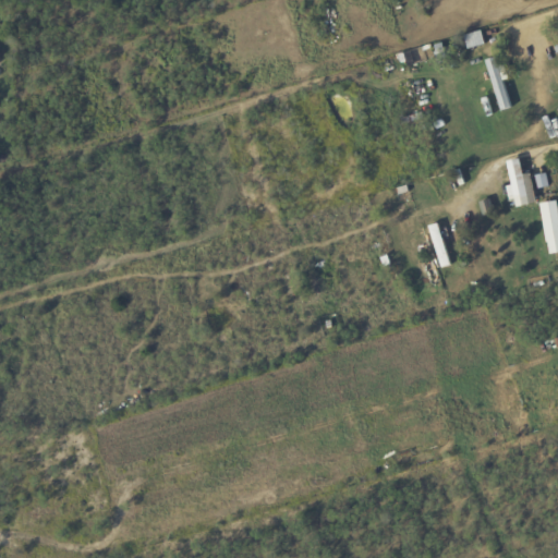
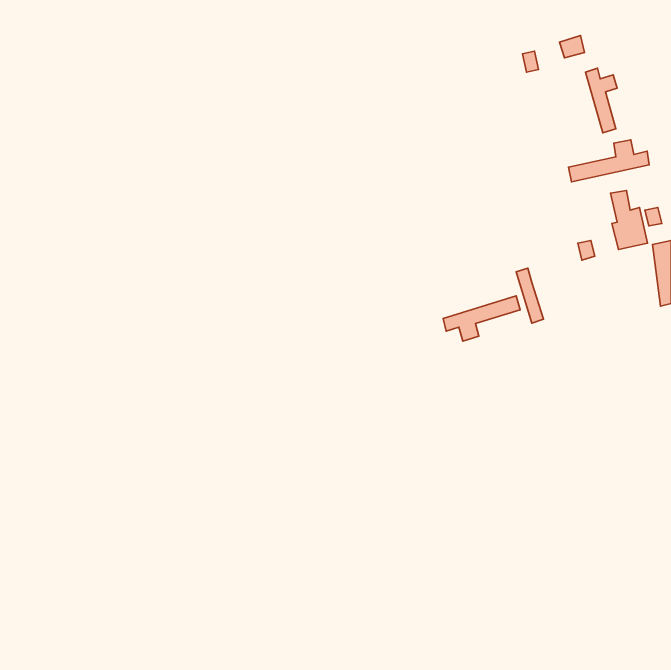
building: none -> [569,140,649,182]
building: none -> [443,296,520,341]

